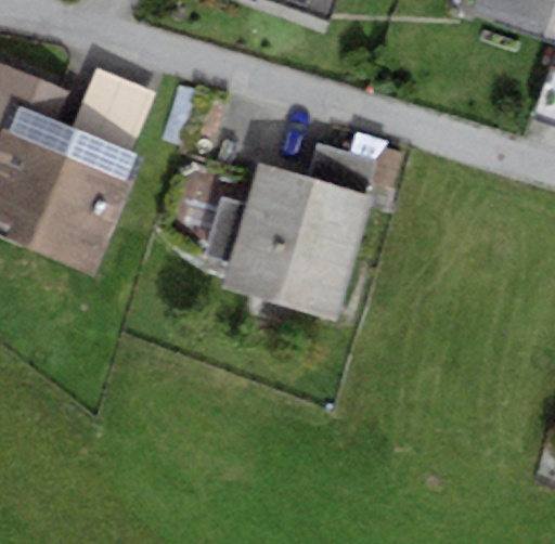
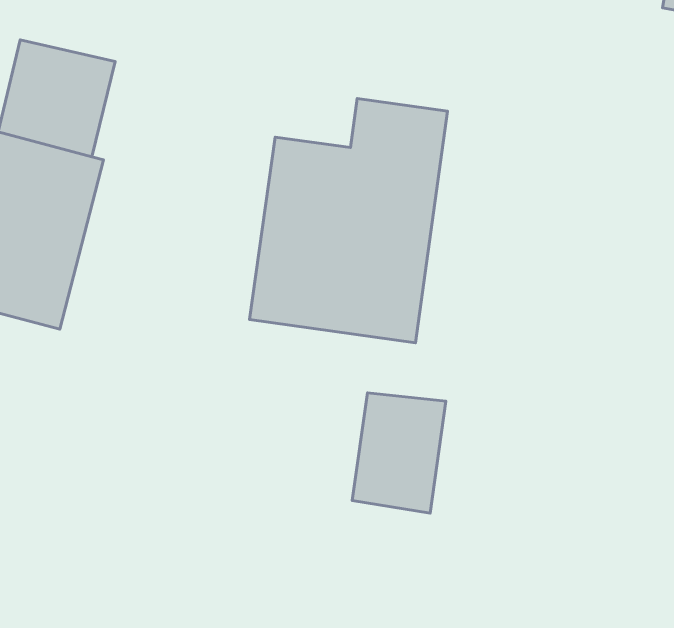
building: none -> [352,393,446,513]

